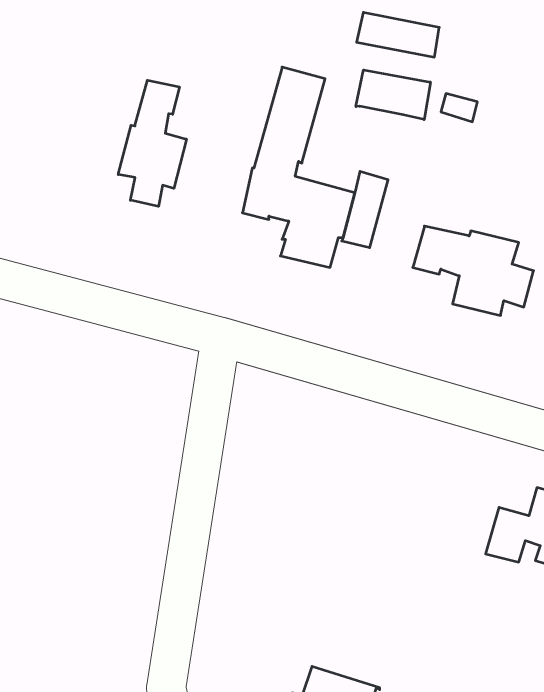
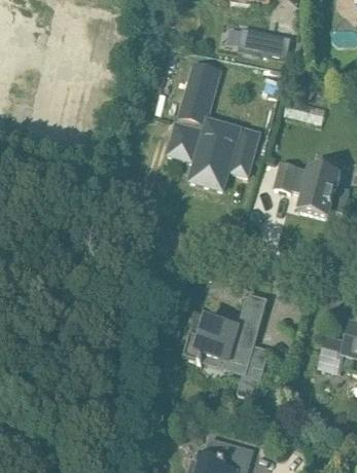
building: [356,70,430,120] -> none
building: [118,80,186,206] -> none
building: none -> [184,293,270,397]

